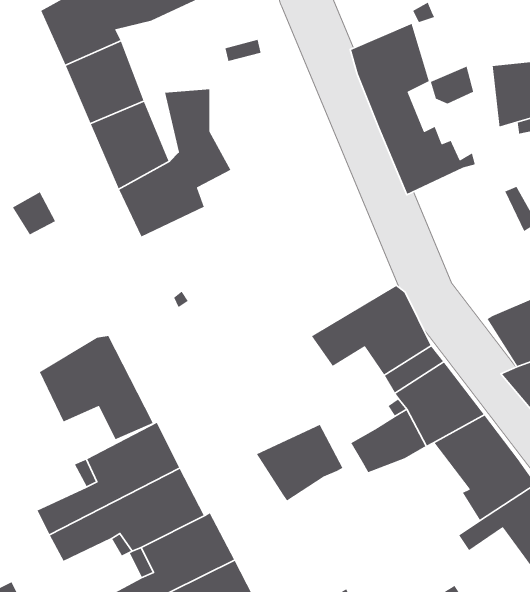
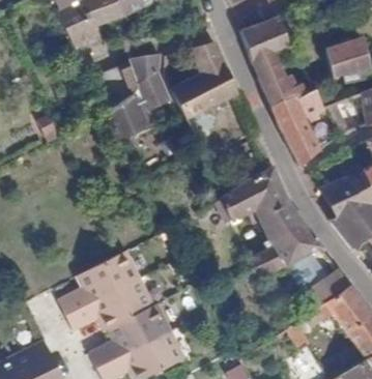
building: none -> [173,43,238,139]
building: none -> [275,99,322,169]
building: [39,335,153,440] -> none
building: [256,424,344,501] -> none

